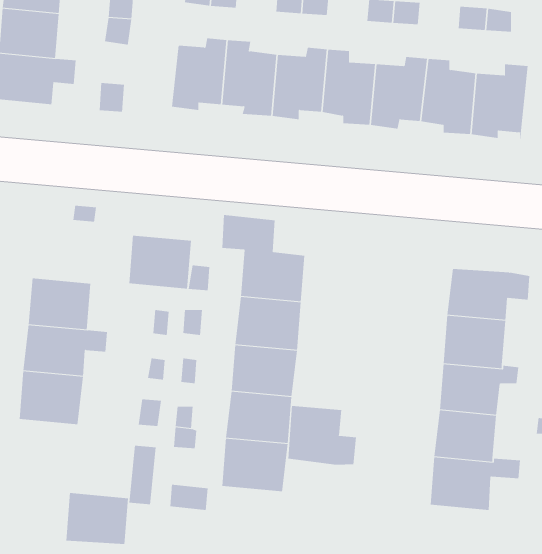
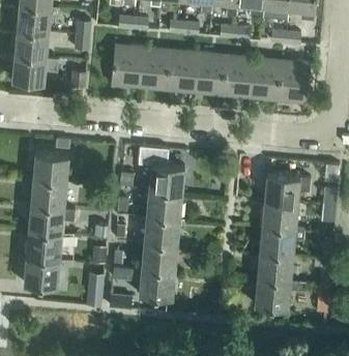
building: [128,235,192,289] -> [33,153,68,183]
building: [288,405,357,465] -> none
building: [66,492,129,545] -> [24,259,59,288]

